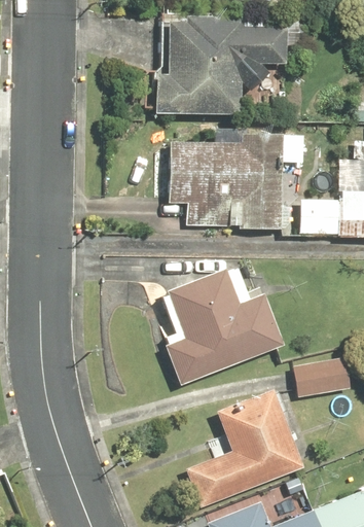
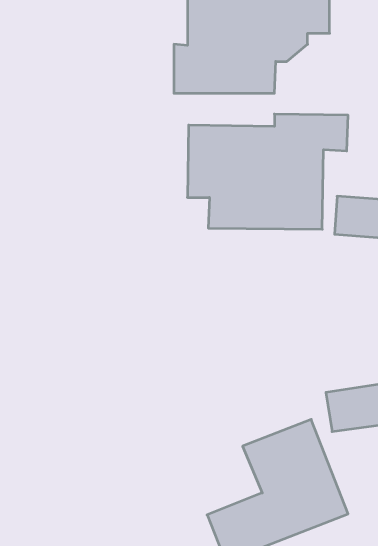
building: [165,267,286,384] -> none

